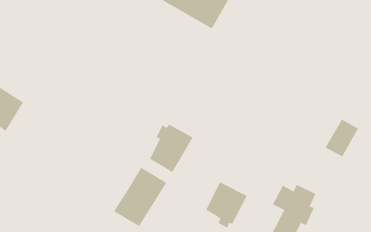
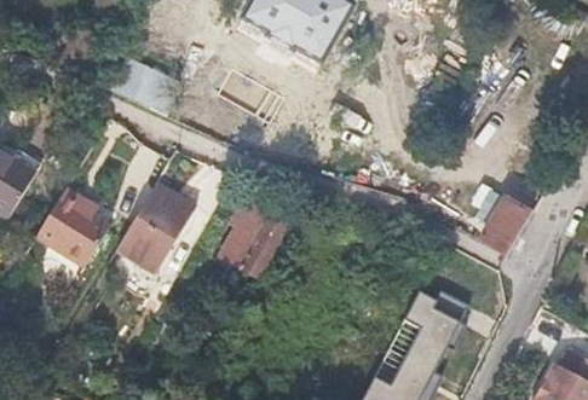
building: none -> [42,178,116,256]
building: [113,167,167,227] -> [116,182,196,271]
building: [206,182,247,229] -> none

